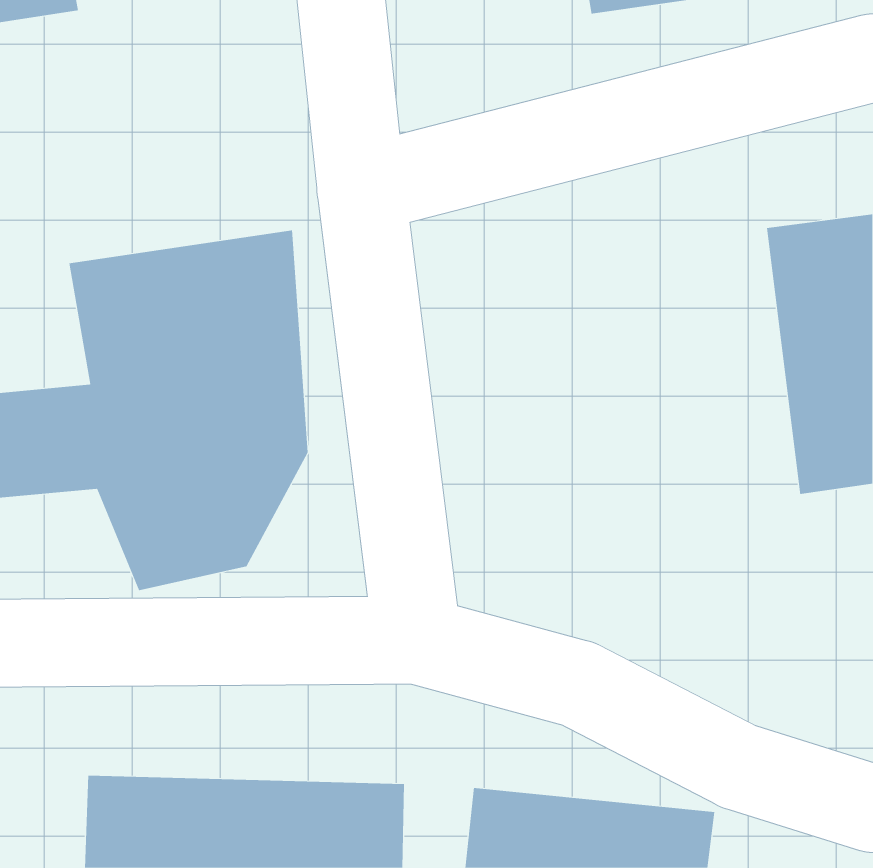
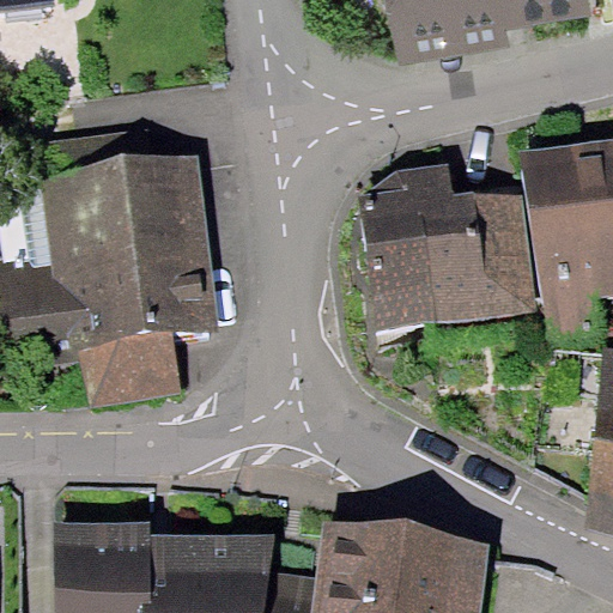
building: none -> [351,170,512,333]

